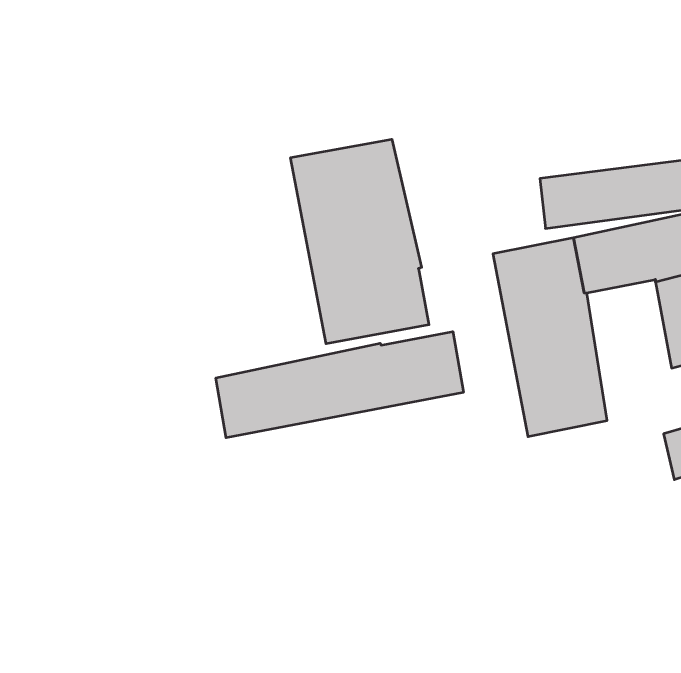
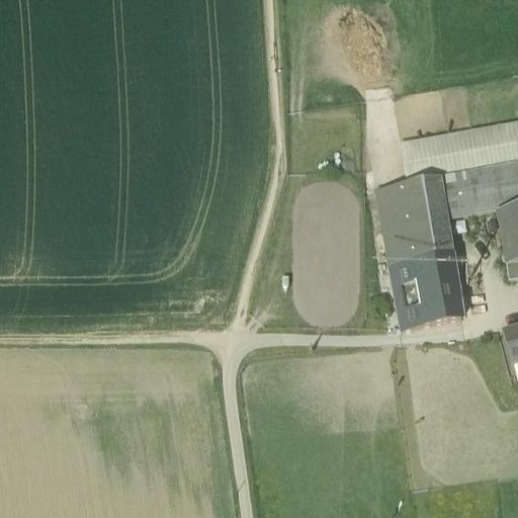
building: [291,139,429,344] -> none
building: [216,332,463,438] -> none

